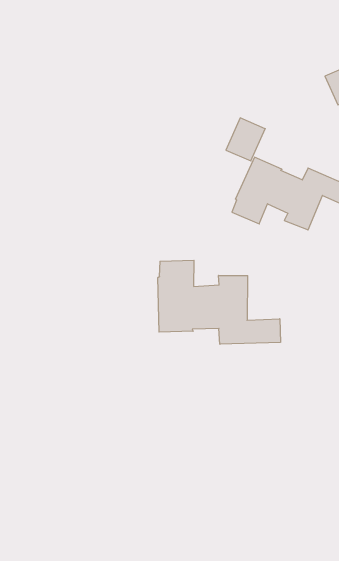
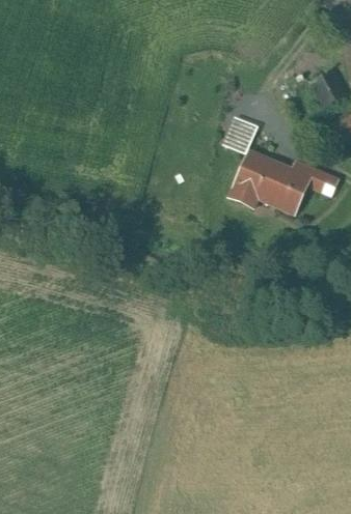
building: [158,260,280,344] -> none

